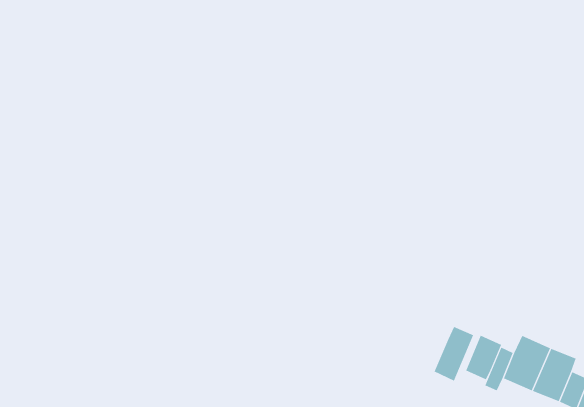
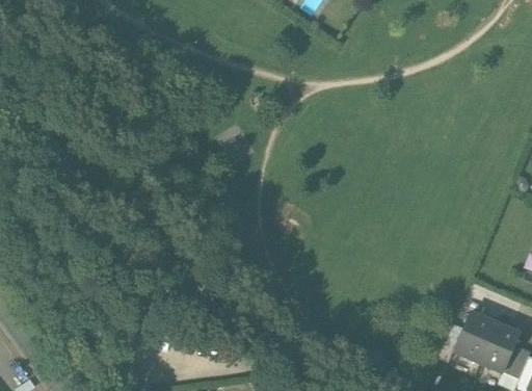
building: [434,326,474,381] -> none
building: [465,335,502,380] -> none

